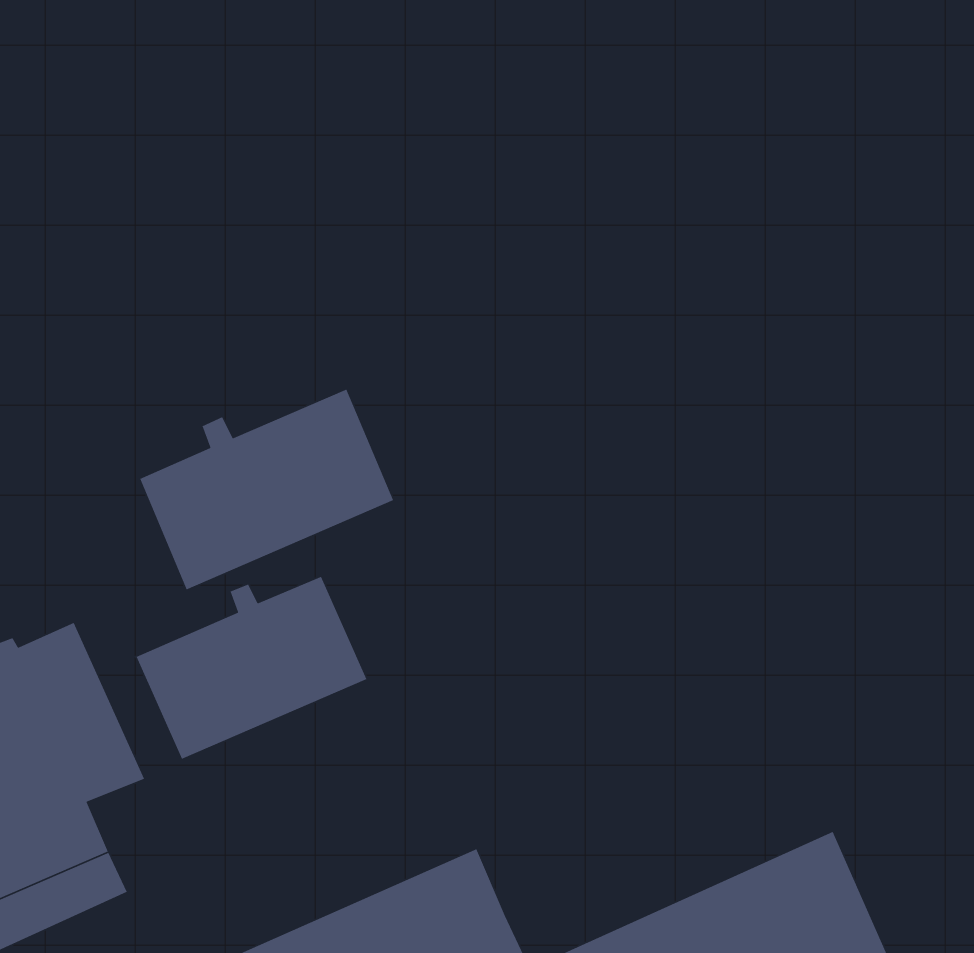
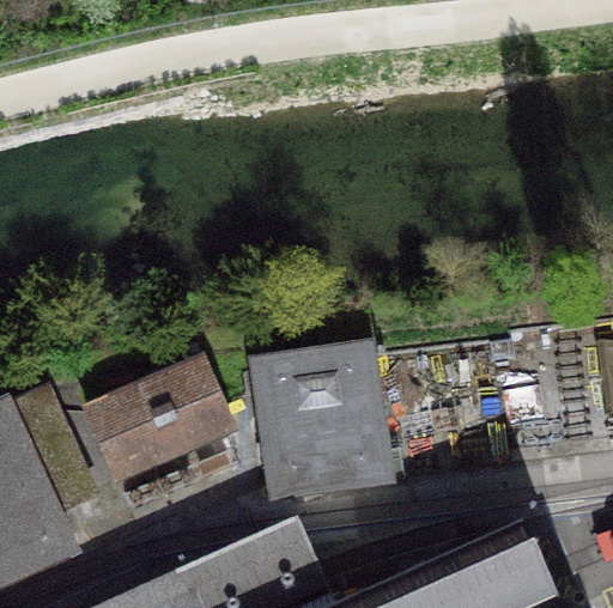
building: [139,388,394,591] -> none
building: none -> [253,345,388,497]

